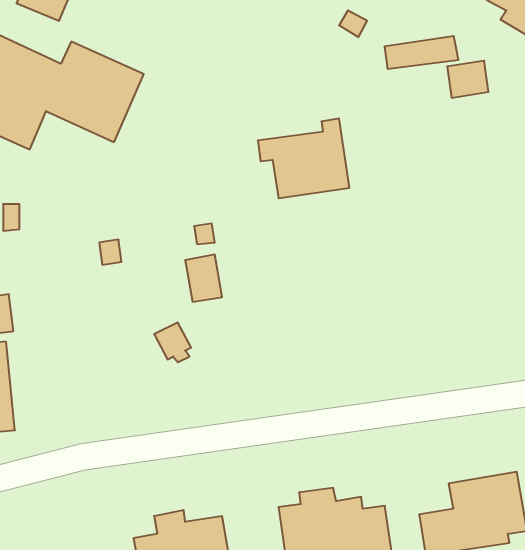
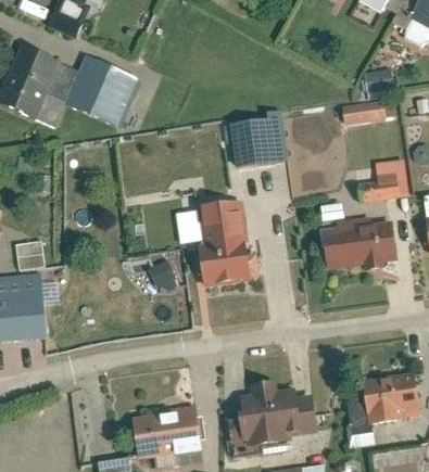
building: [384,36,458,69] -> [341,99,395,123]
building: none -> [359,160,411,202]
building: none -> [194,188,257,286]
building: none -> [316,201,400,272]

